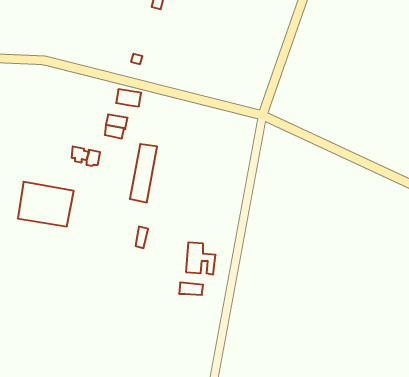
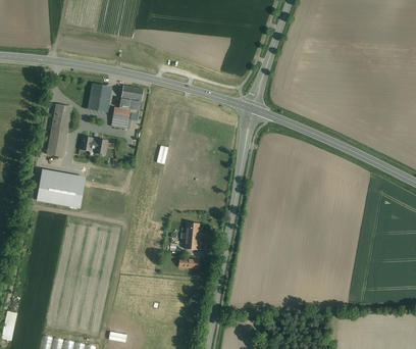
building: none -> [88,84,108,112]
building: [130,144,157,202] -> [47,105,71,157]

